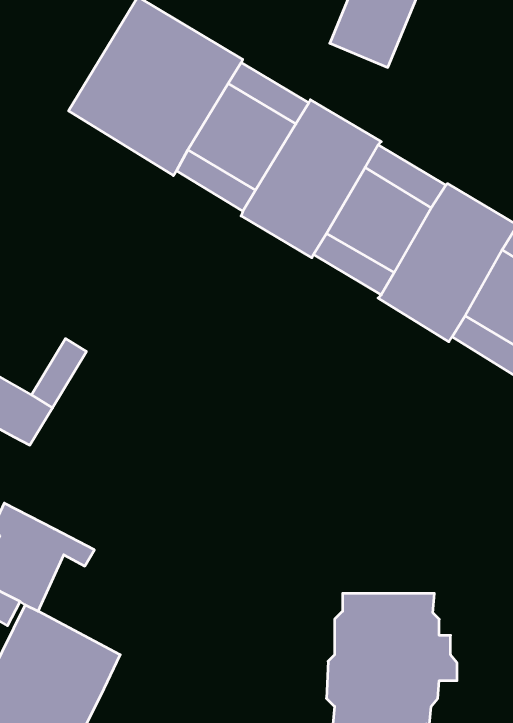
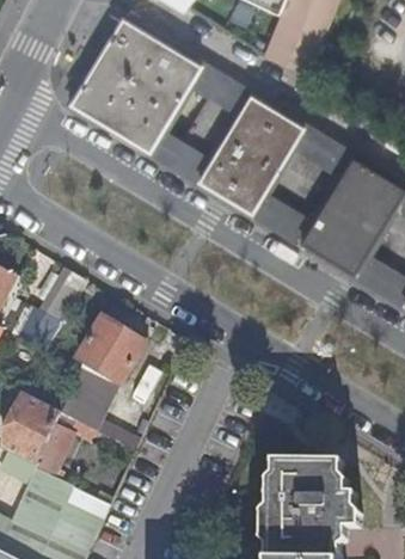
building: none -> [60,318,143,452]

